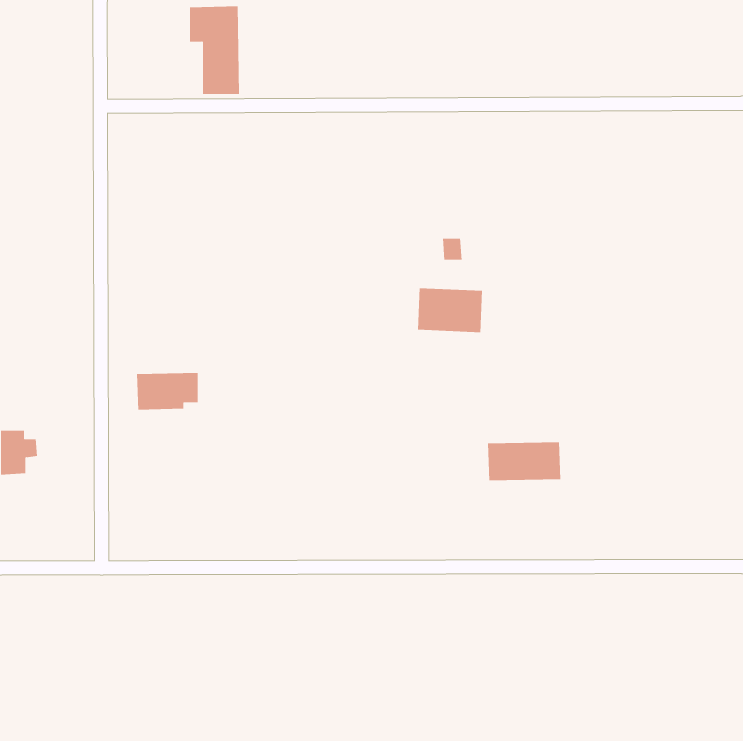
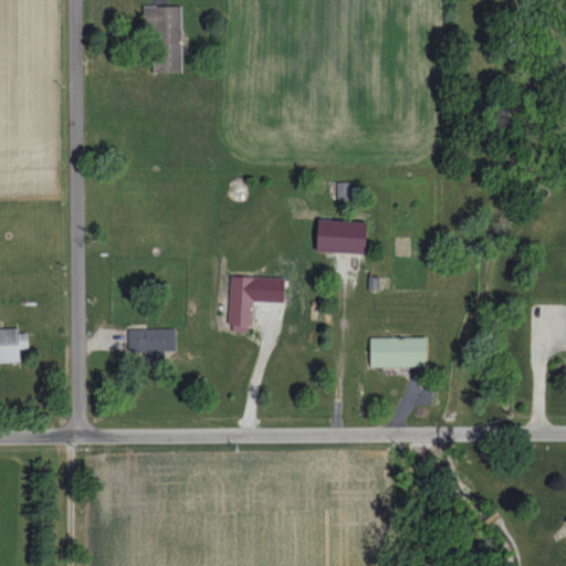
building: none -> [230,276,284,333]
building: [136,372,199,410] -> [128,328,176,357]

